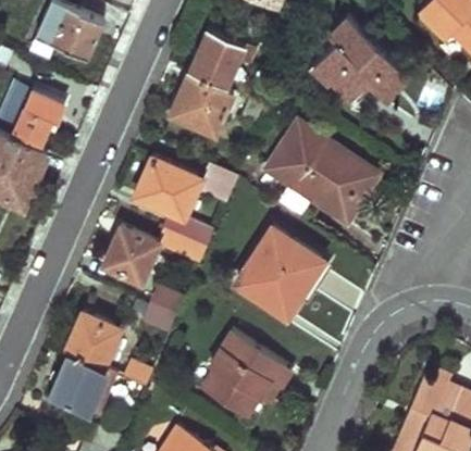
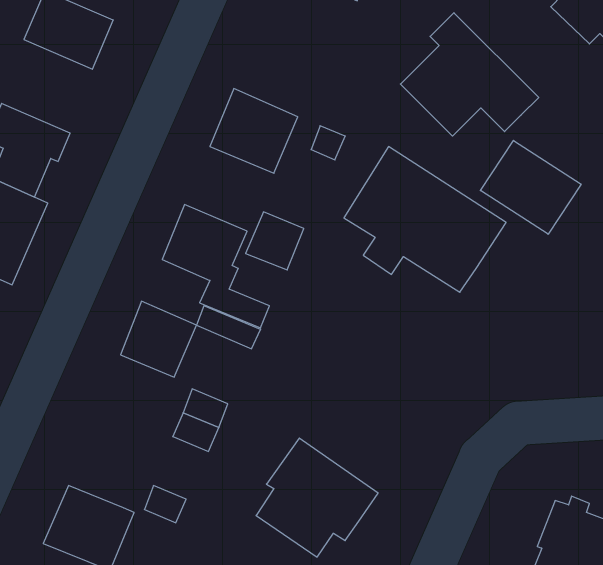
building: [187,30,245,90] -> none
building: none -> [480,140,581,234]
building: [239,226,323,313] -> none
building: [61,317,124,380] -> none

